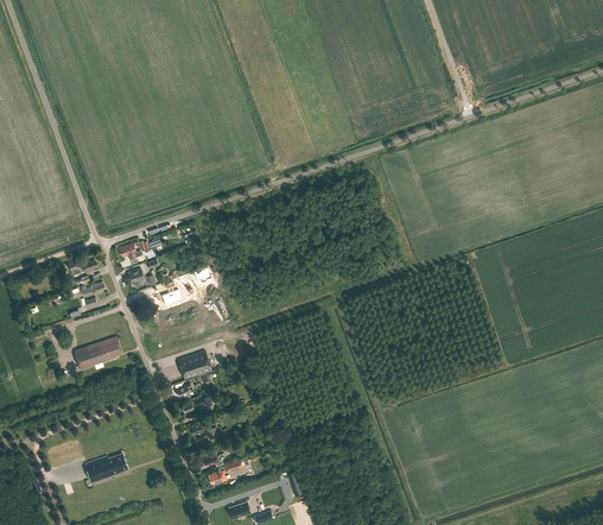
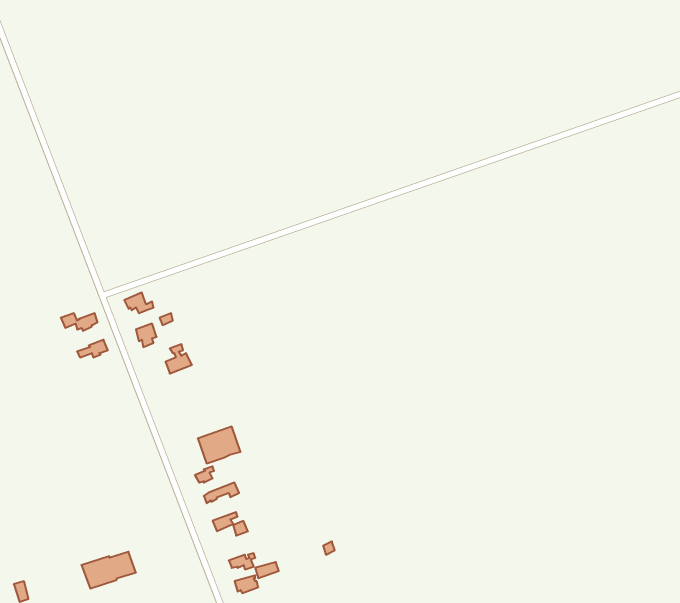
building: [75,337,122,371] -> none

